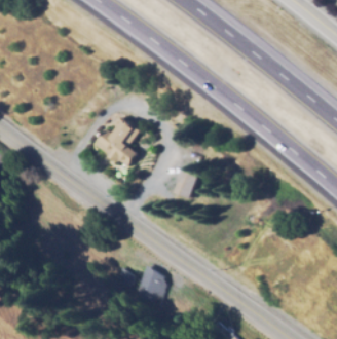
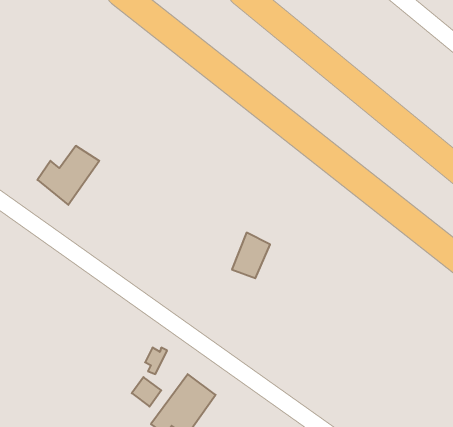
building: [101,124,144,165] -> [37,146,99,205]

